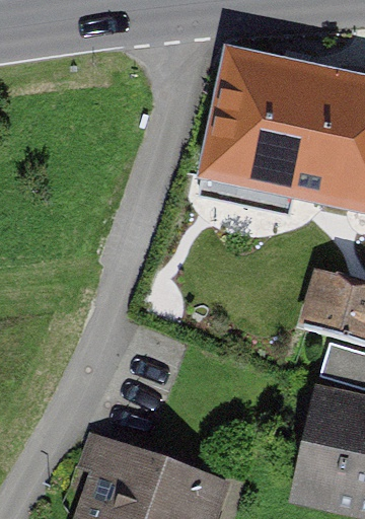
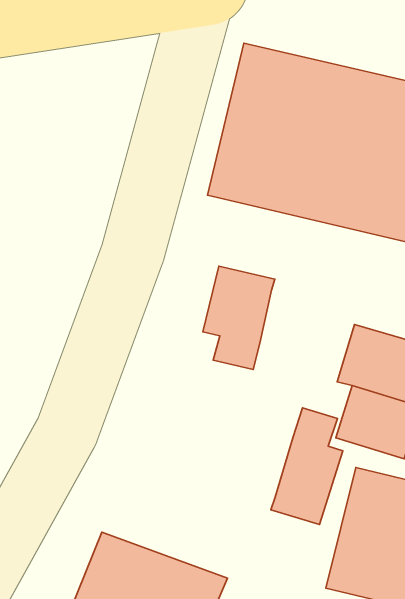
building: none -> [203,266,275,370]
building: none -> [271,408,343,525]

